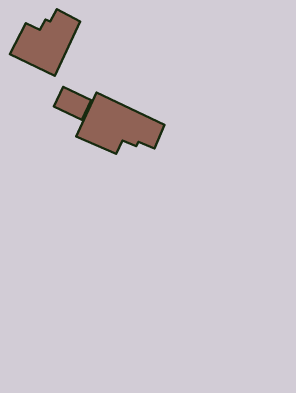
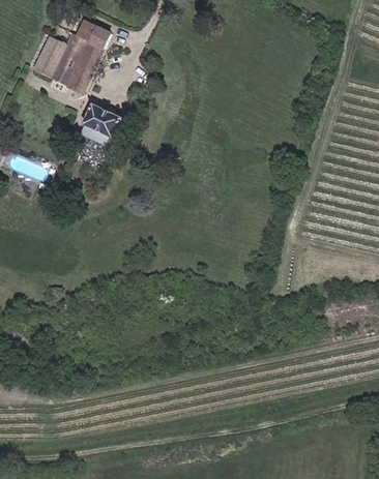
building: [76,93,164,154] -> none

